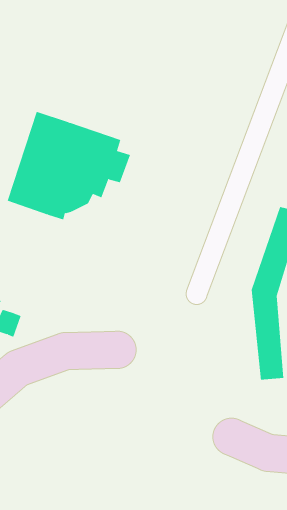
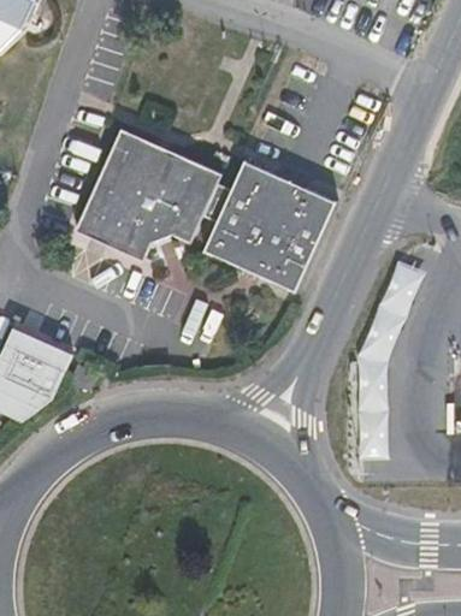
building: none -> [208,165,337,291]

